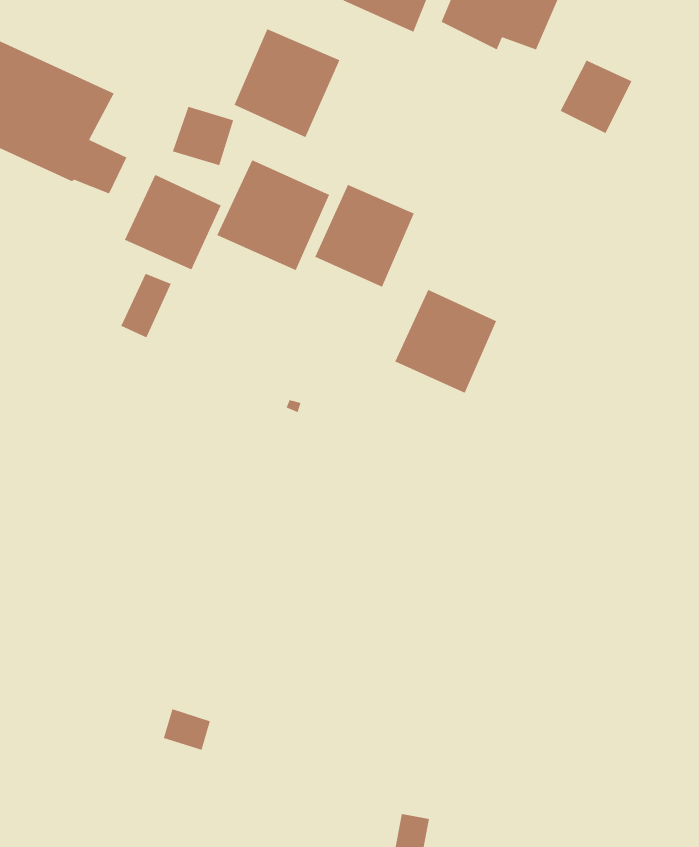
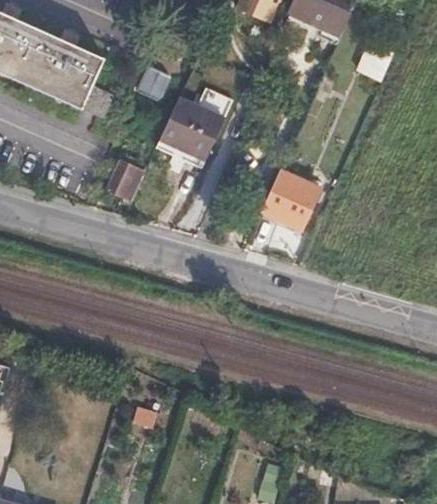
building: [234,28,341,138] -> none
building: [124,174,222,270] -> none
building: [314,184,415,288] -> none

